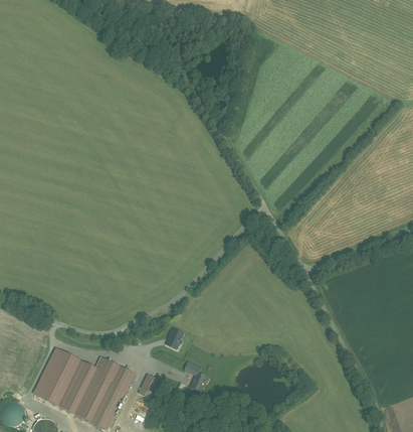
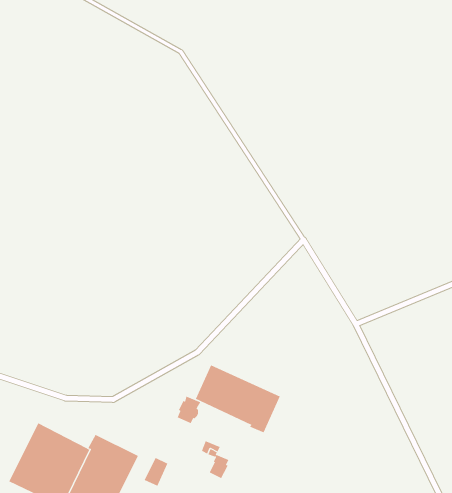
building: none -> [195,365,280,433]

